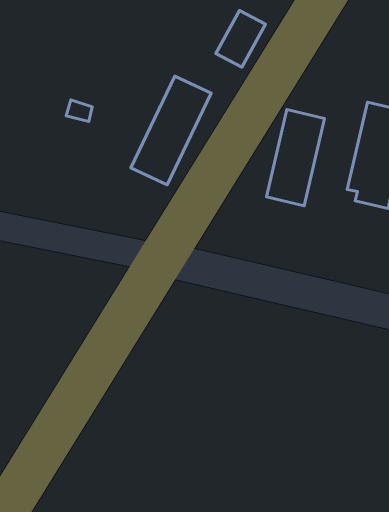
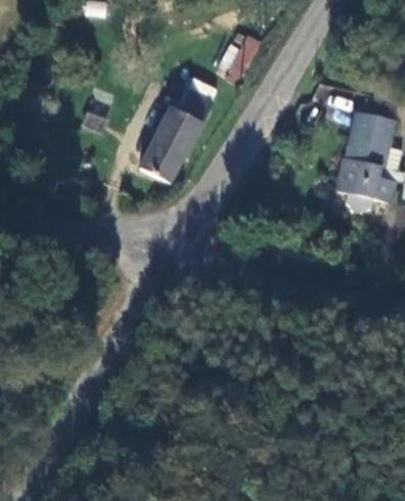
building: [267,109,325,206] -> none

